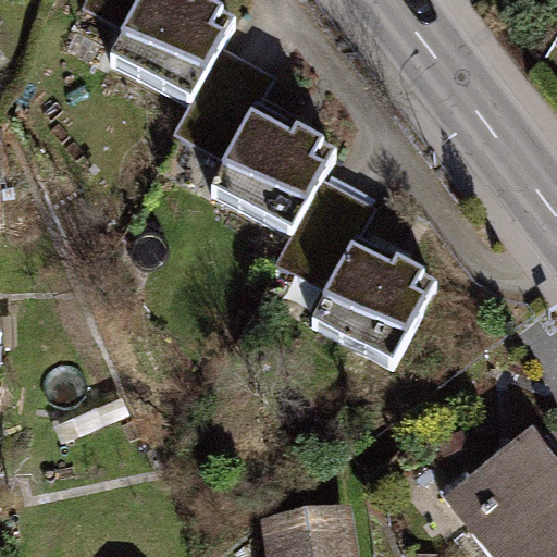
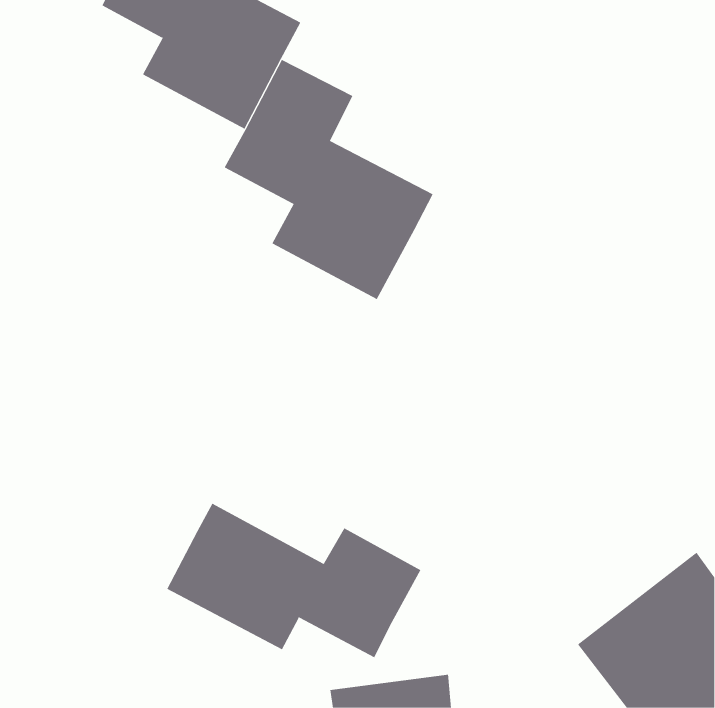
building: [274,177,435,363] -> none
building: none -> [167,503,421,658]

